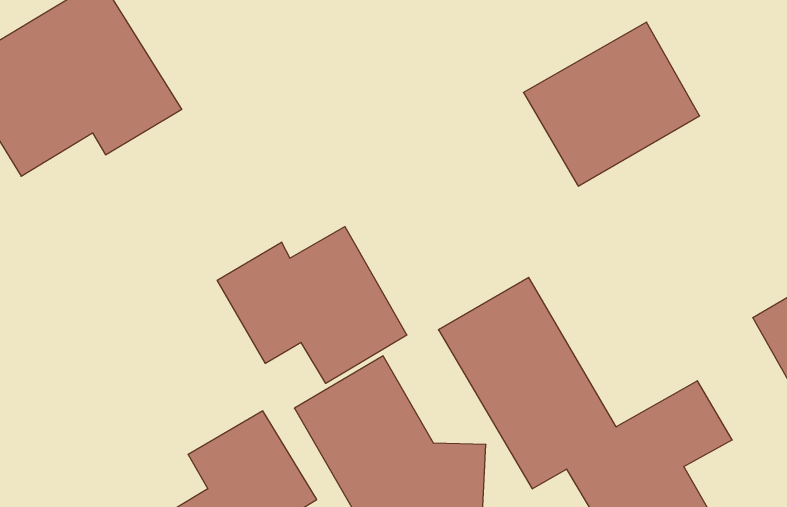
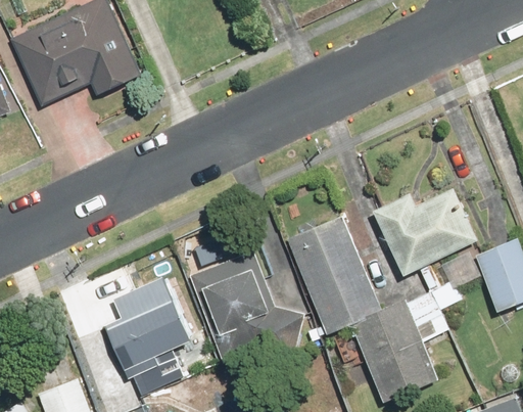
building: [523,22,700,186] -> [374,179,479,273]
building: [217,227,407,383] -> none

